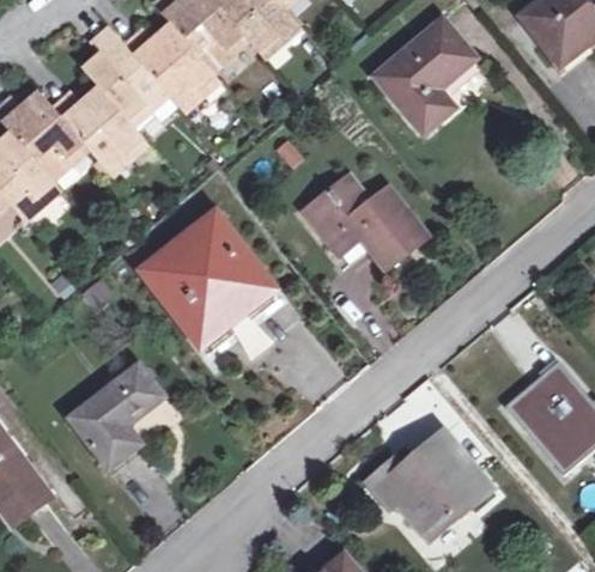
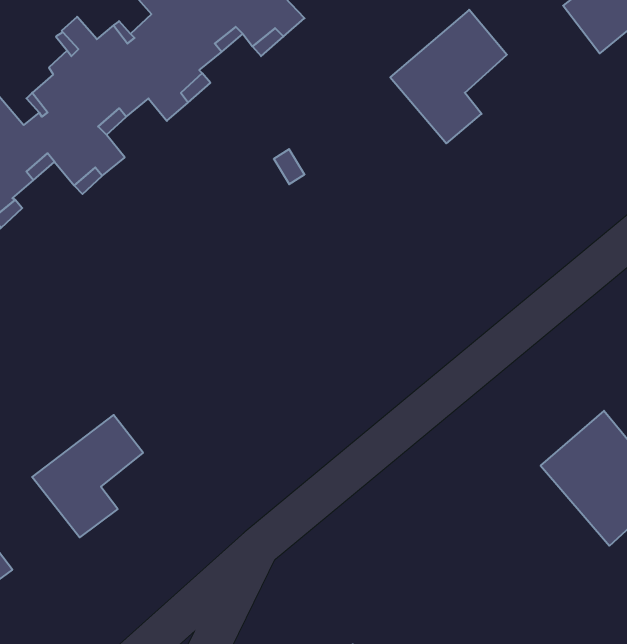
building: [306,176,424,268] -> none
building: [142,214,280,354] -> none
building: [368,432,491,538] -> none

